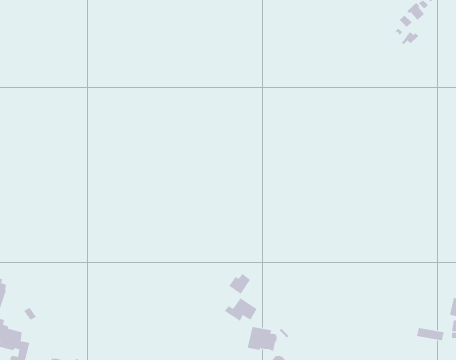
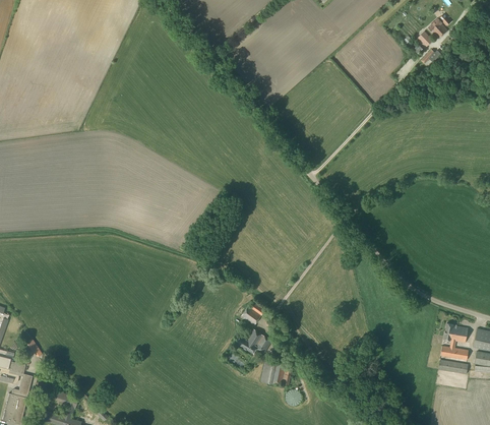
building: none -> [440,323,469,360]

